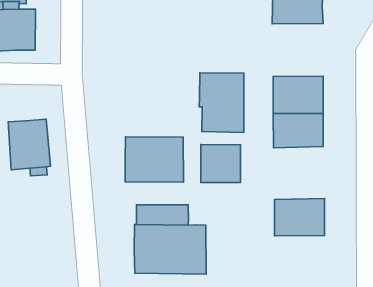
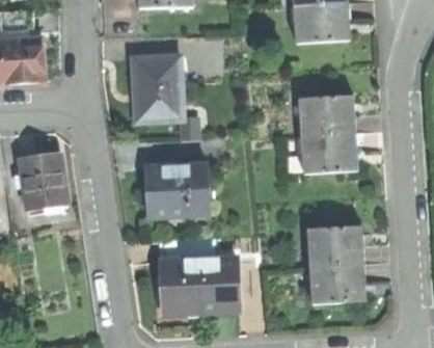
building: [199,73,244,133] -> [133,58,183,123]
building: [201,145,241,182] -> none
building: none -> [309,263,364,302]

